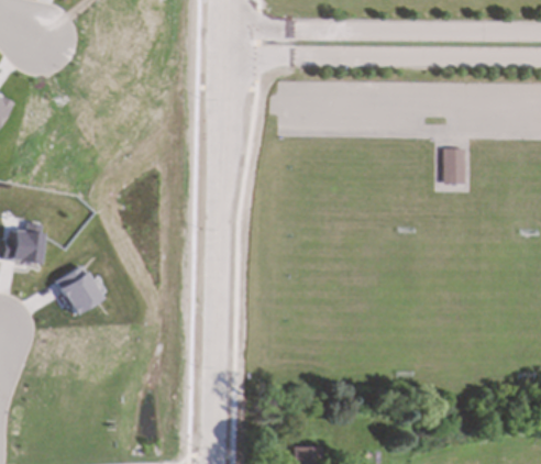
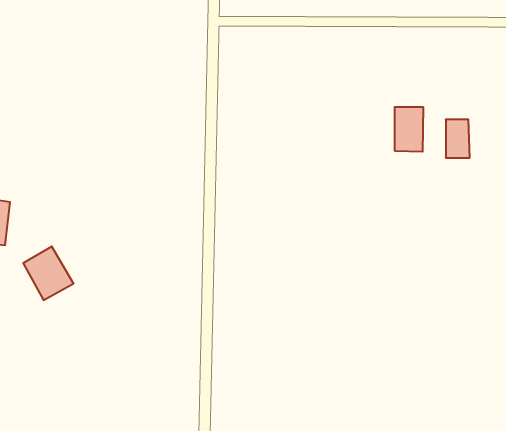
building: none -> [395,107,423,152]

